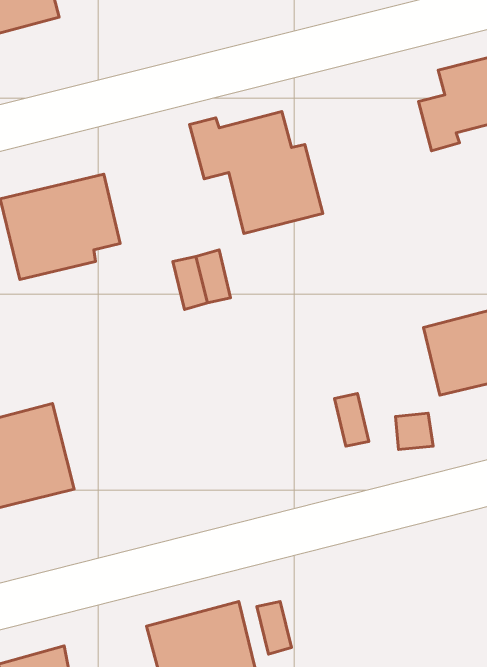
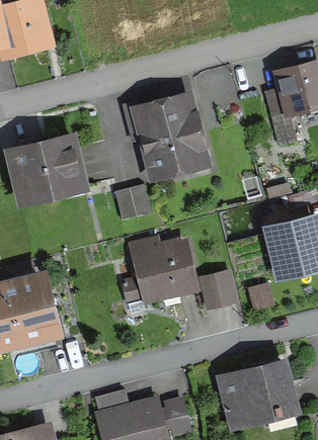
building: none -> [124,238,195,299]
building: none -> [223,362,295,422]

